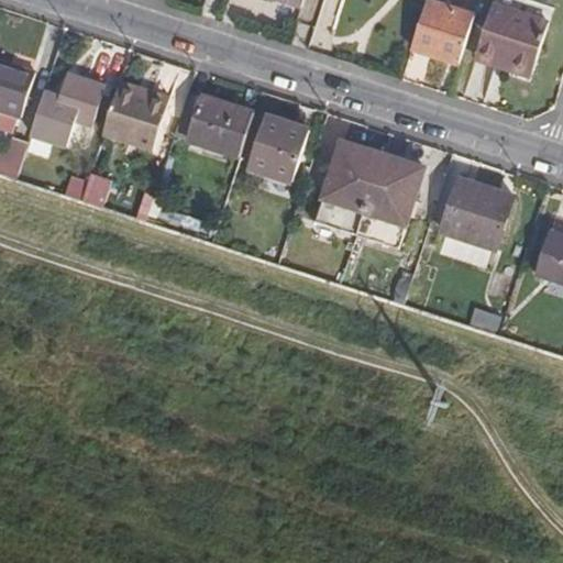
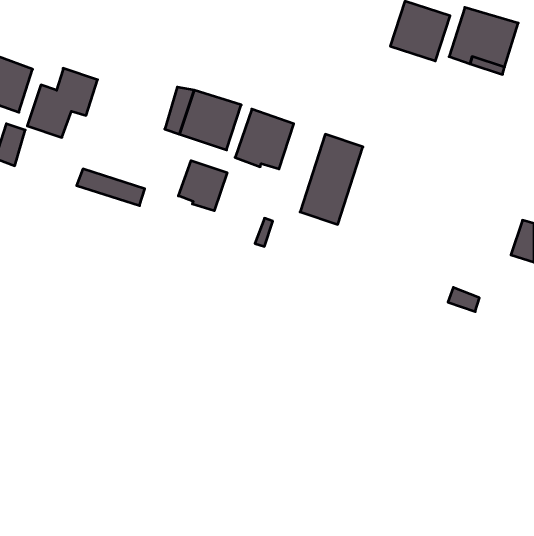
building: [102,82,167,150] -> none
building: [354,154,422,250] -> none
building: none -> [178,161,227,211]
building: [441,179,511,249] -> none

